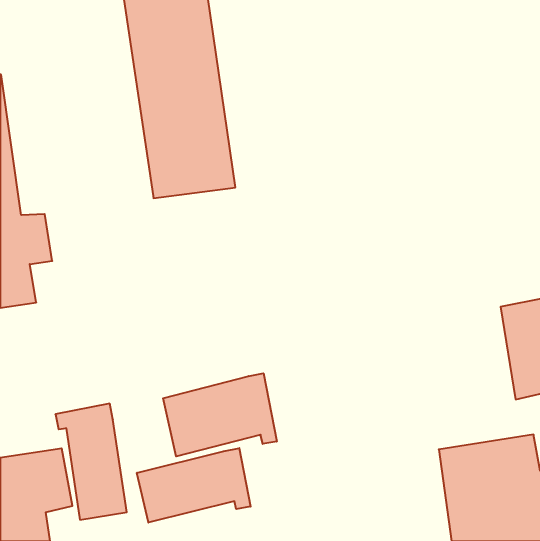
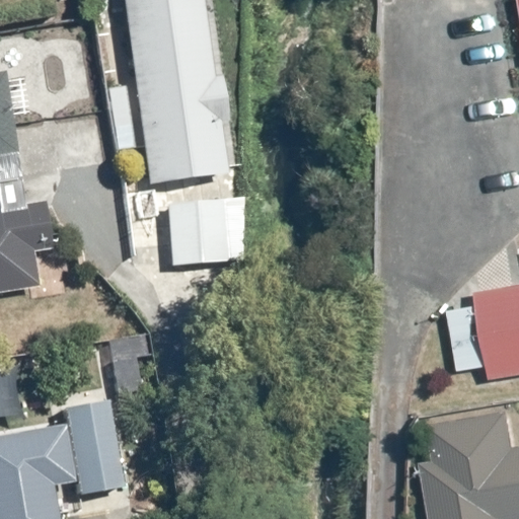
building: none -> [152,197,215,255]
building: [163,373,277,456] -> none
building: [137,448,251,523] -> none

